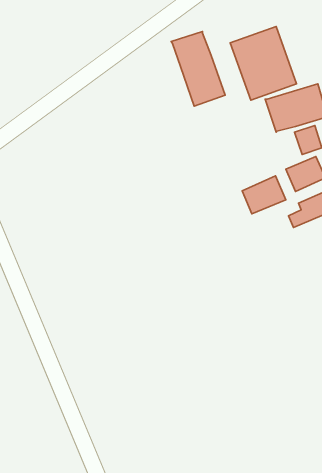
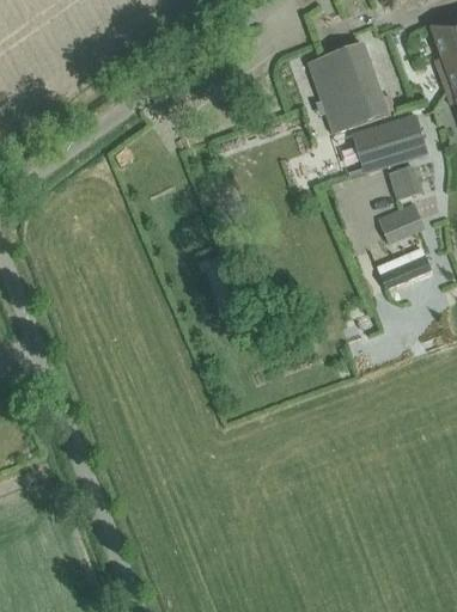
building: [171,32,225,106] -> none
building: [242,176,286,214] -> none

